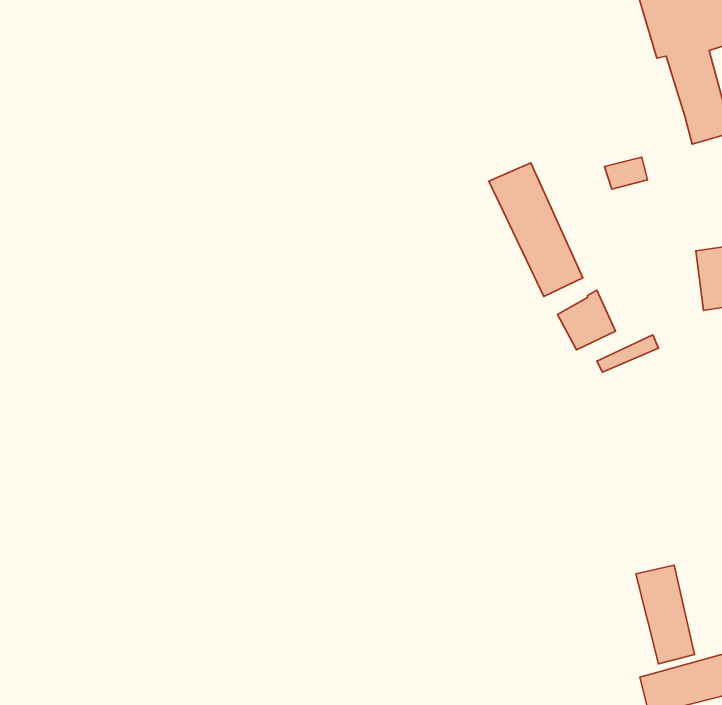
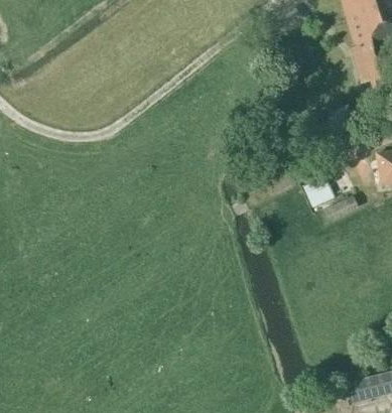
building: [489,163,583,296] -> none
building: [636,565,695,664] -> none

